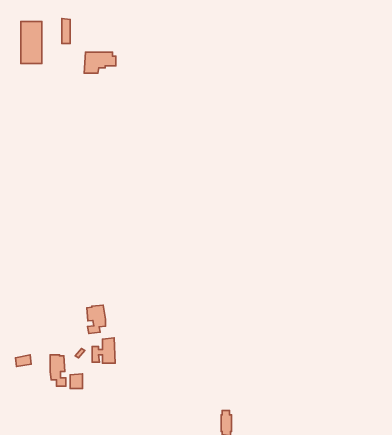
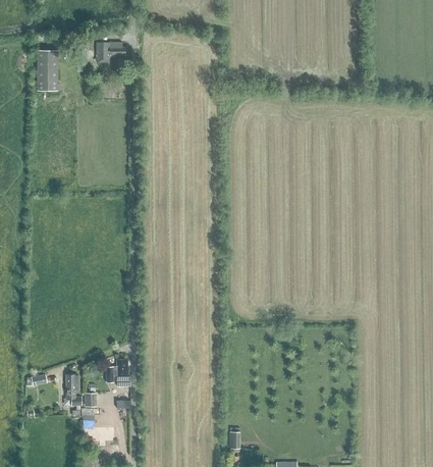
building: [84,52,116,73] -> [93,42,123,62]
building: [87,305,106,333] -> none

